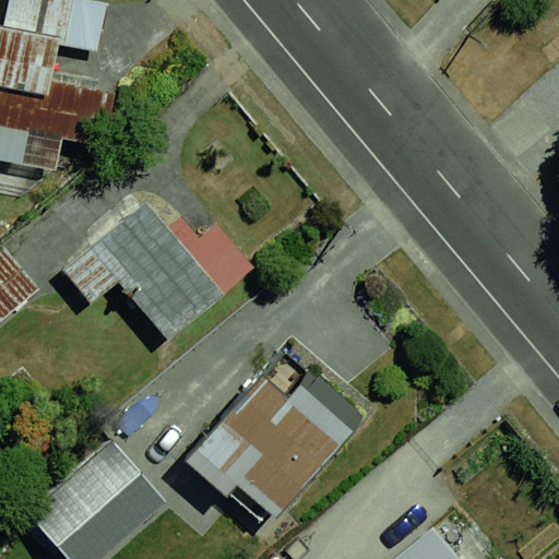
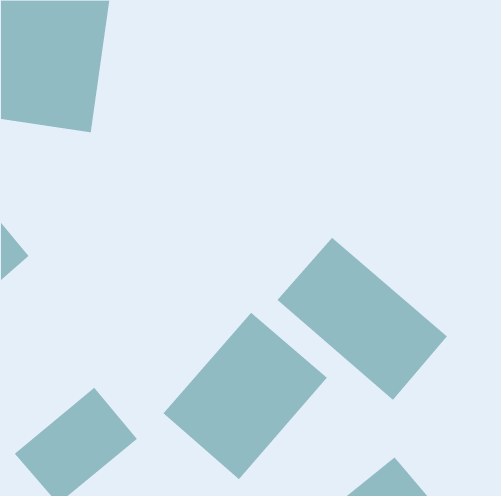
building: [56,194,234,349] -> none
building: none -> [277,237,448,401]

